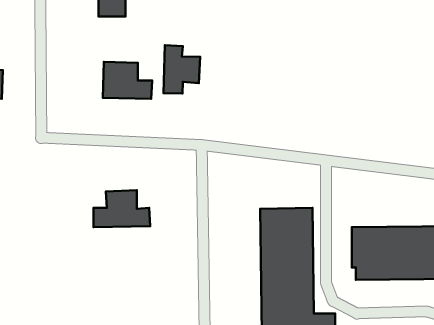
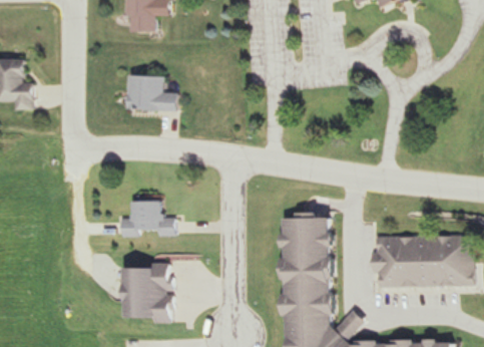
building: [163,45,200,93] -> none
building: none -> [122,266,171,321]

